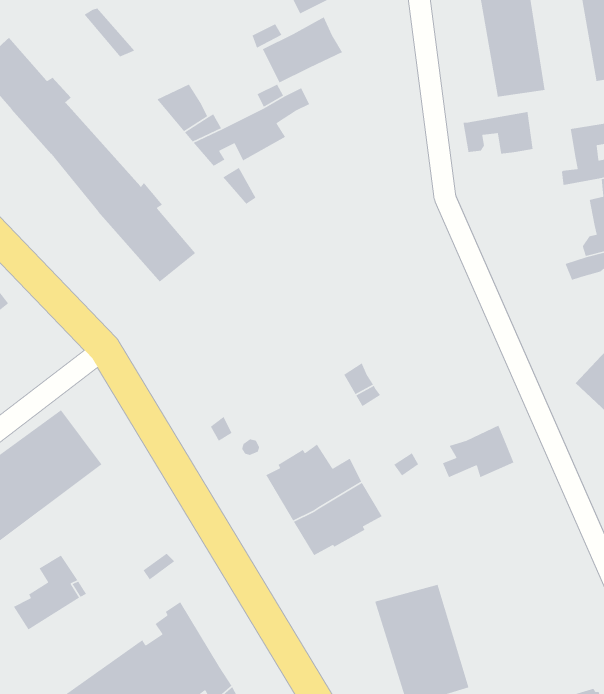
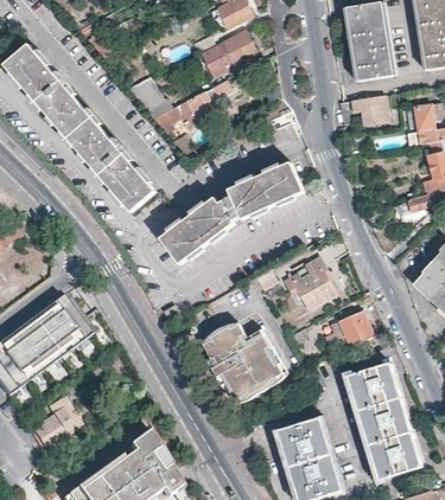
building: none -> [159,164,304,263]
building: none -> [290,256,338,309]
building: none -> [348,363,420,479]

